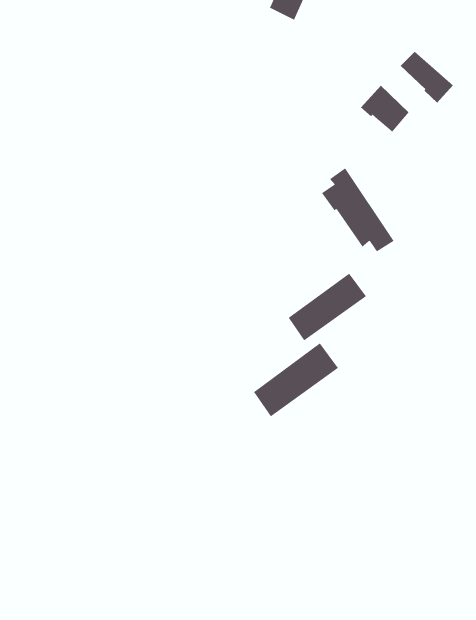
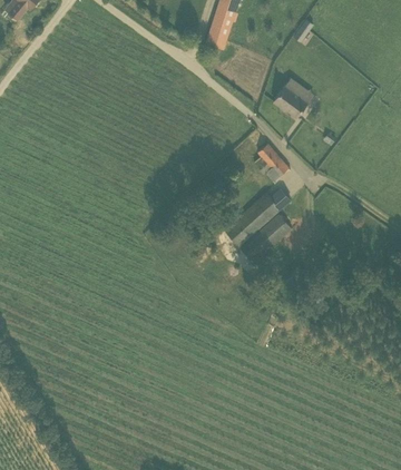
building: [400,51,454,103] -> none
building: [253,343,339,417] -> [226,188,282,242]

